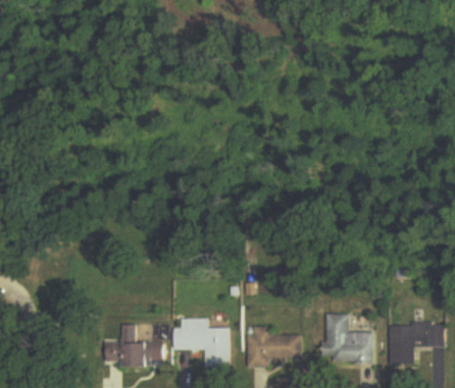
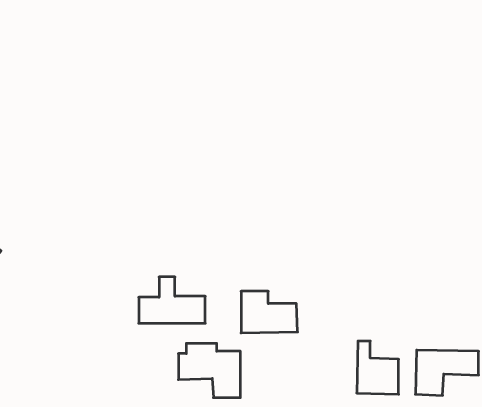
building: [103,324,163,366] -> [139,277,205,323]
building: [246,325,297,363] -> [241,291,298,333]

